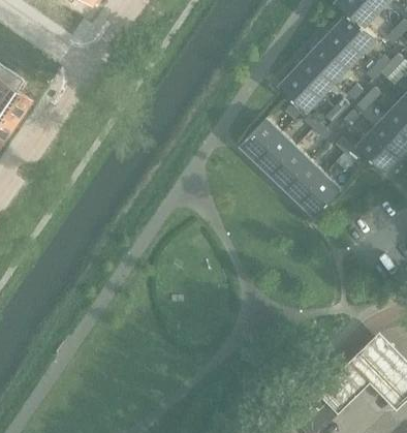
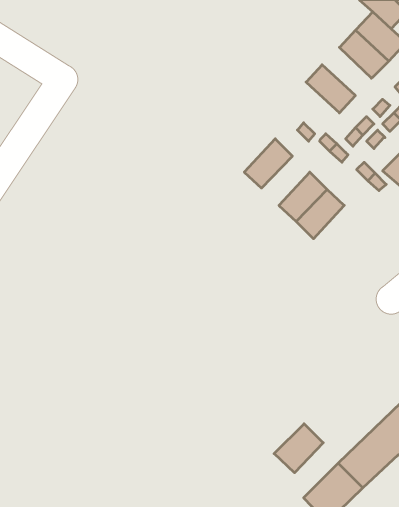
building: [305,41,346,82] -> none
building: [278,70,319,111] -> none
building: [254,132,294,174] -> none
building: [298,174,339,215] -> none
building: none -> [274,424,323,473]

